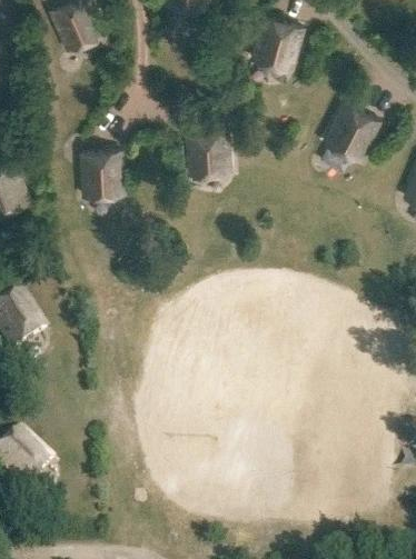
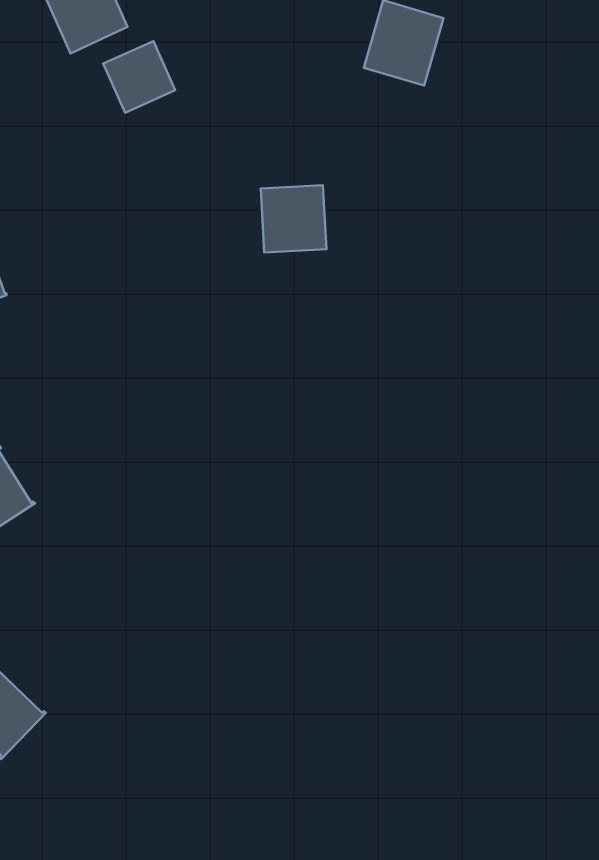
building: none -> [103,41,175,113]
building: [325,104,379,161] -> none
building: [81,151,123,198] -> none

